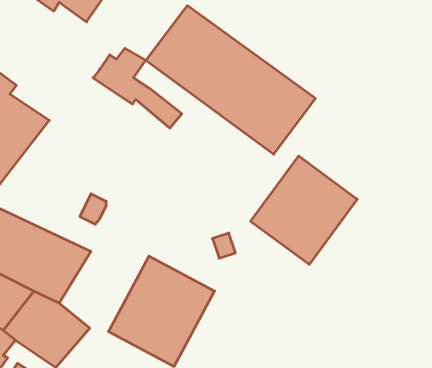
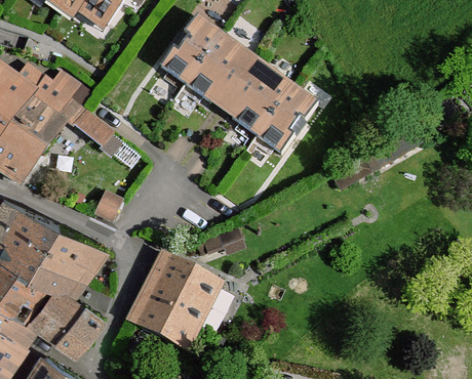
building: [93,48,182,128] -> [32,71,115,145]
building: [251,156,357,264] -> none

